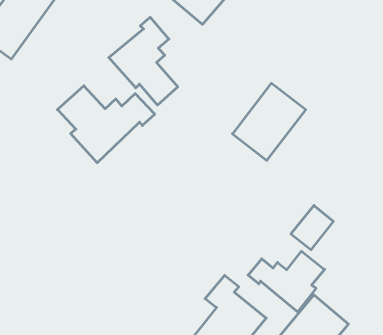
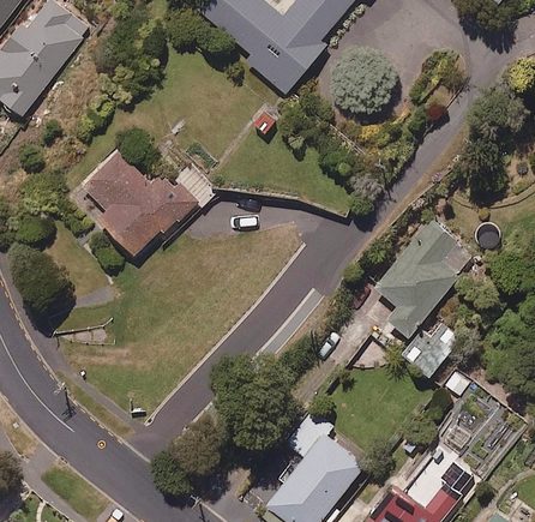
building: [109,17,178,105] -> none
building: [232,83,306,160] -> [373,223,473,328]
building: [248,251,325,312] -> none

